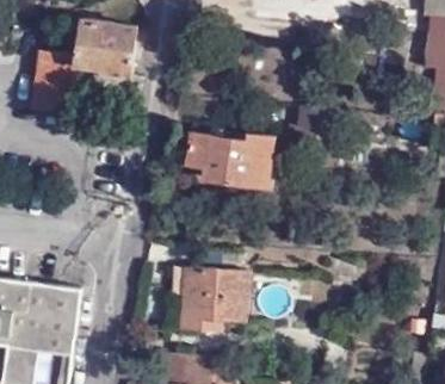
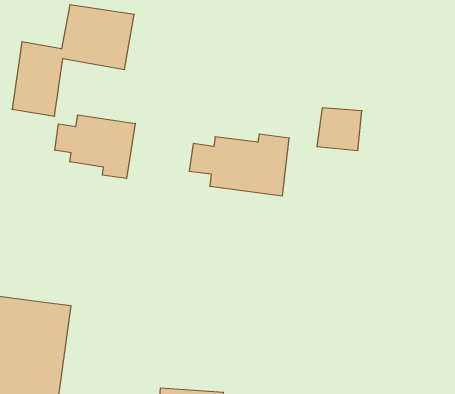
building: none -> [55,115,135,178]
building: [178,265,249,332] -> none

